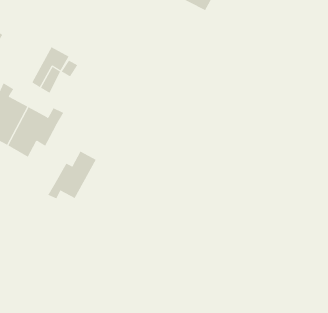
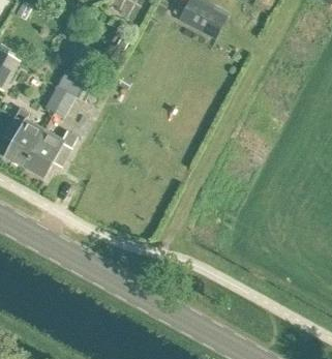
building: [48,151,96,199] -> none

